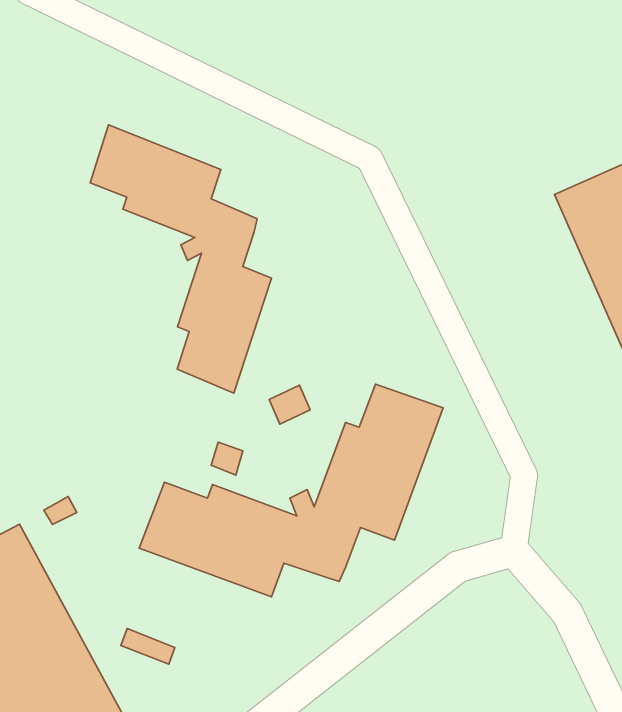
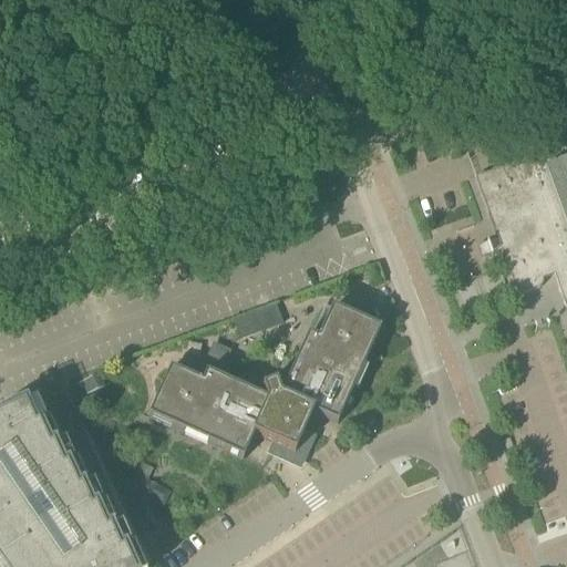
building: [90,125,272,393] -> none

